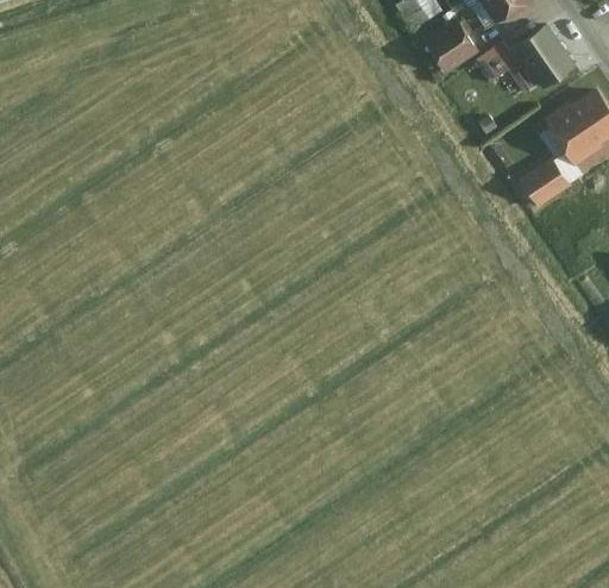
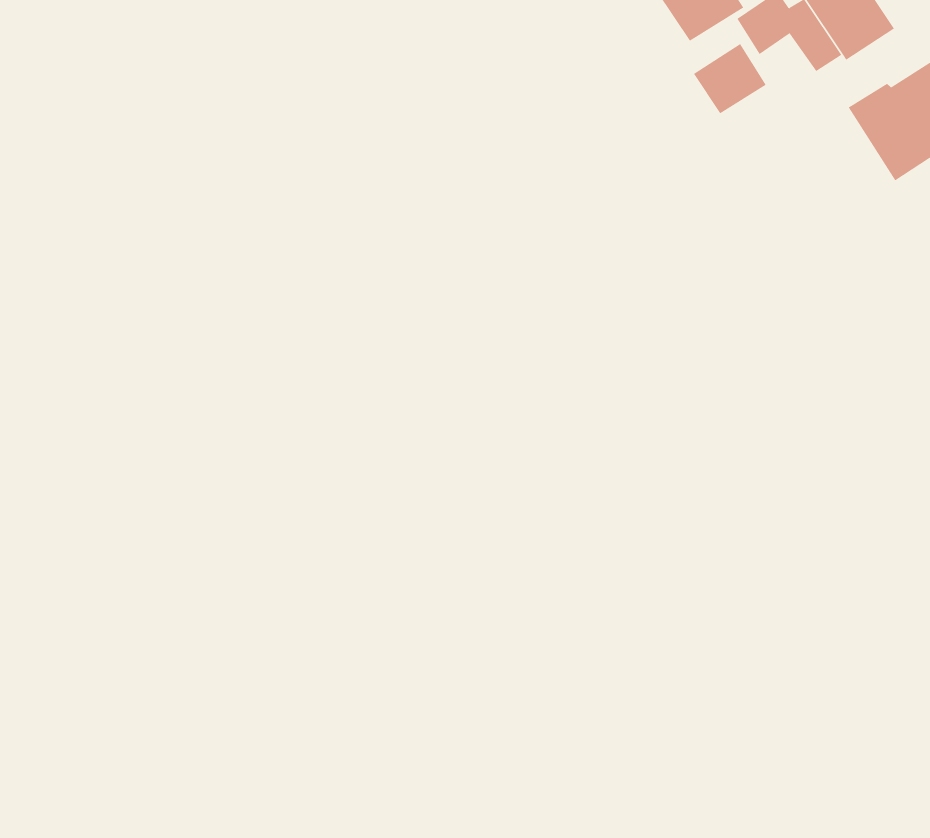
building: none -> [693,43,767,114]
building: [521,158,569,206] -> none

